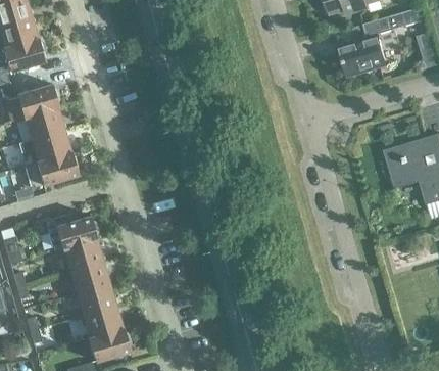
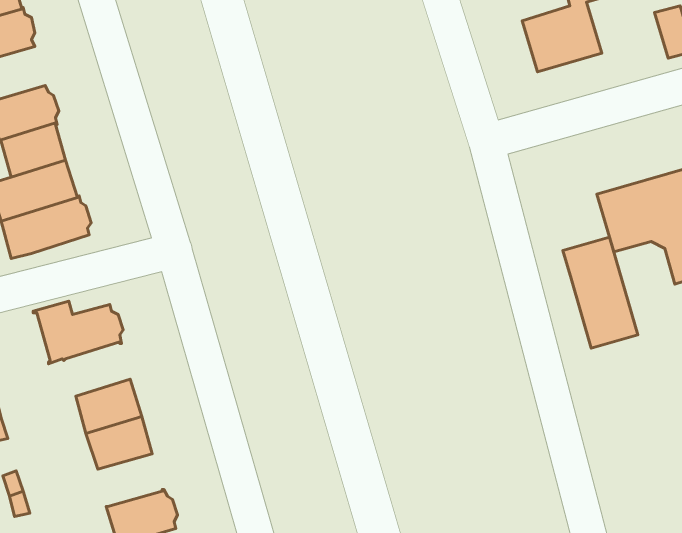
building: none -> [563,237,638,348]
building: [63,238,102,271] -> none
building: [83,306,121,337] -> none

